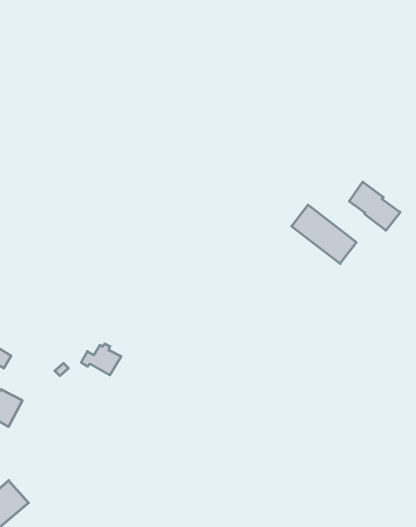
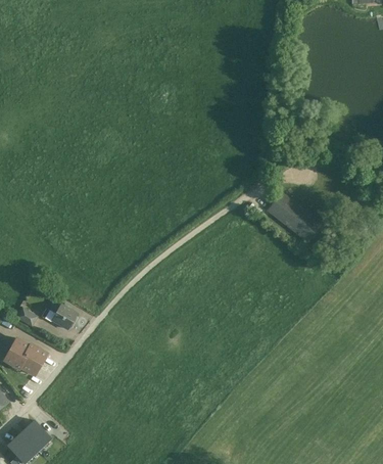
building: [349,182,400,230] -> none
building: [81,344,121,375] -> [45,305,78,330]

